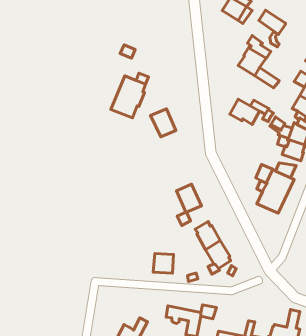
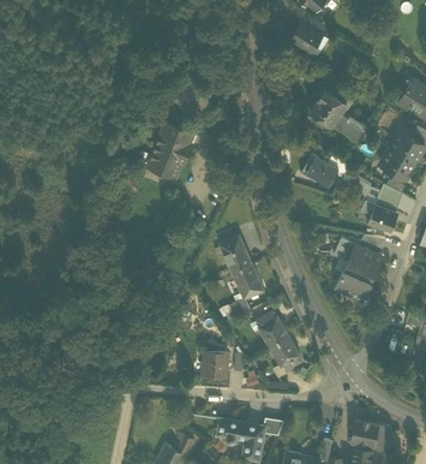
building: [259,10,285,34] -> none
building: [151,109,176,137] -> [218,236,251,272]
building: none -> [352,420,378,447]

